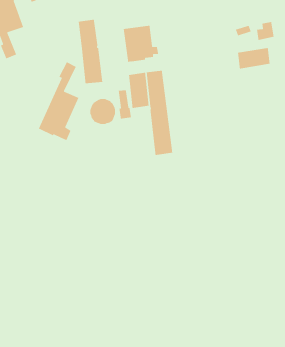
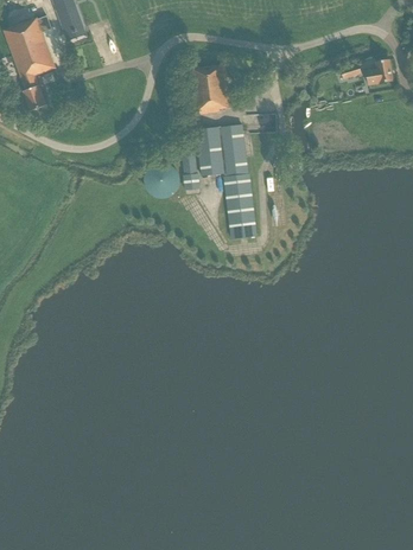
building: [78,19,103,84] -> none
building: [237,47,271,70] -> none
building: [38,61,79,141] -> none

